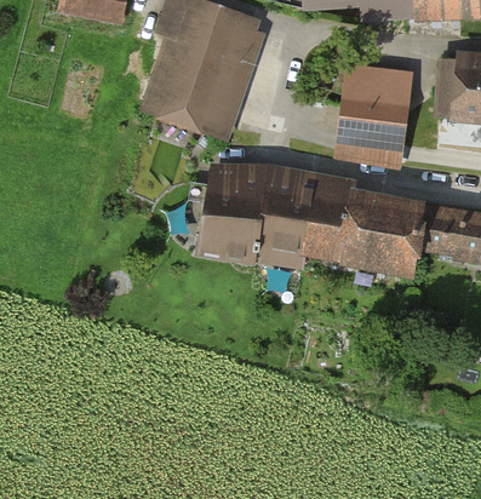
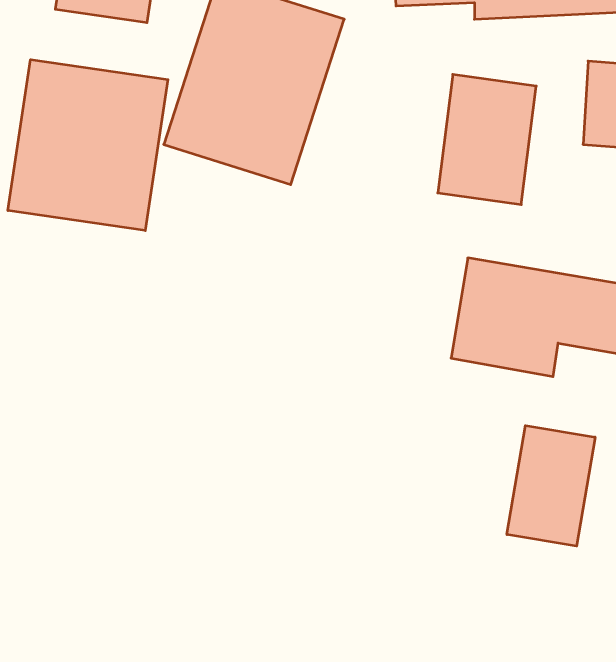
building: none -> [8,60,168,231]
building: [202,165,357,269] -> none
building: none -> [507,426,595,546]

